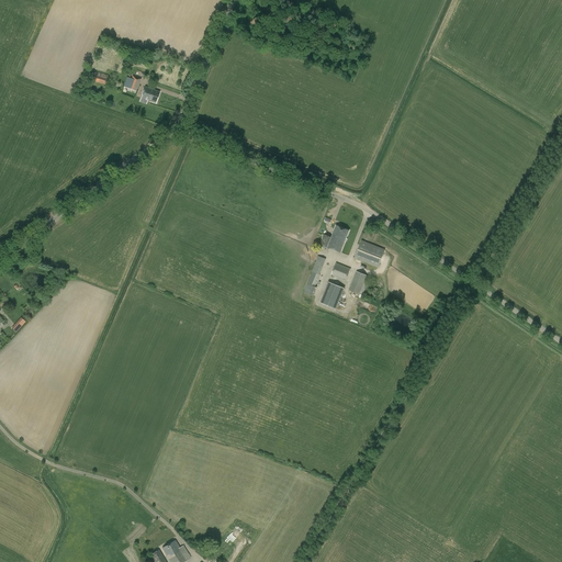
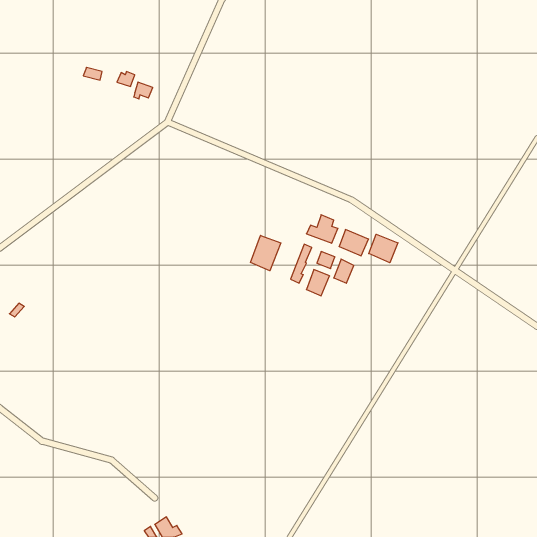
building: none -> [369,234,398,263]
building: none -> [250,235,281,271]

